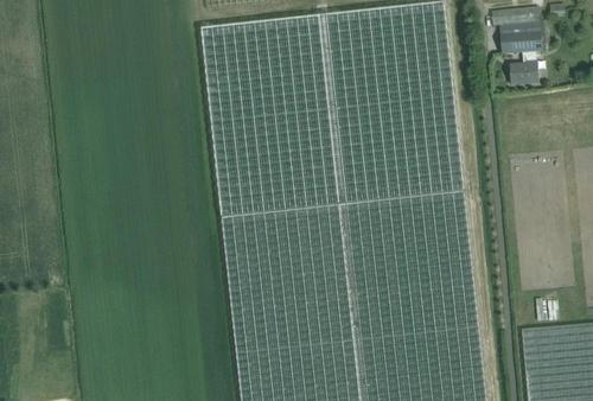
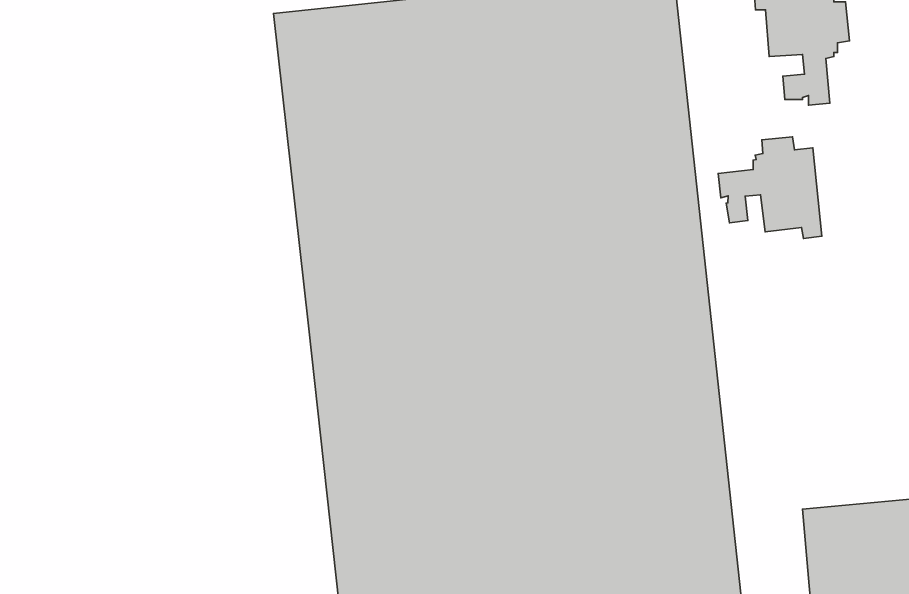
building: none -> [718,137,822,238]

